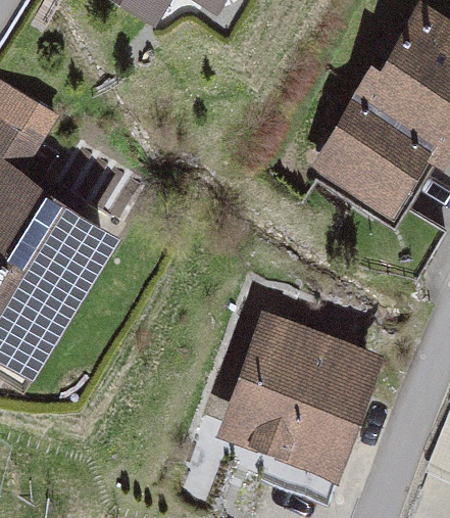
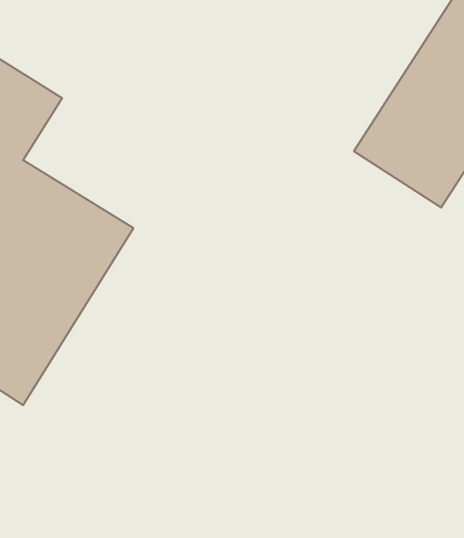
building: [215,316,371,480] -> none

